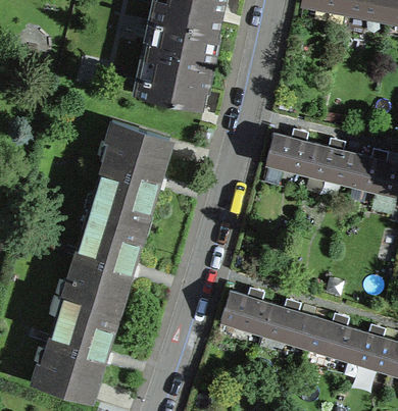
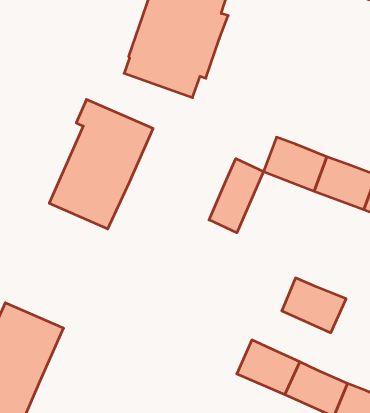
building: none -> [209,159,264,233]
building: [63,212,141,314] -> none
building: [219,293,271,335] -> [282,278,346,333]

